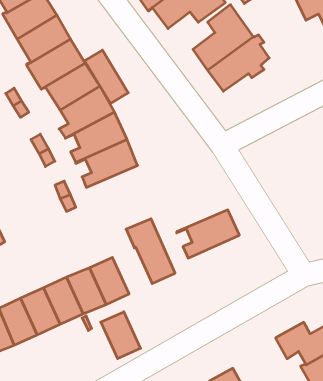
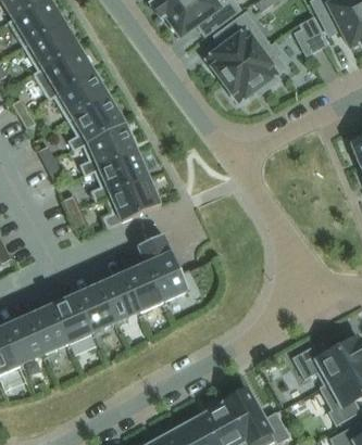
building: none -> [295,16,327,54]
building: [85,50,128,104] -> none
building: [177,210,239,258] -> [96,178,161,228]
building: [101,312,141,359] -> [123,263,164,312]

